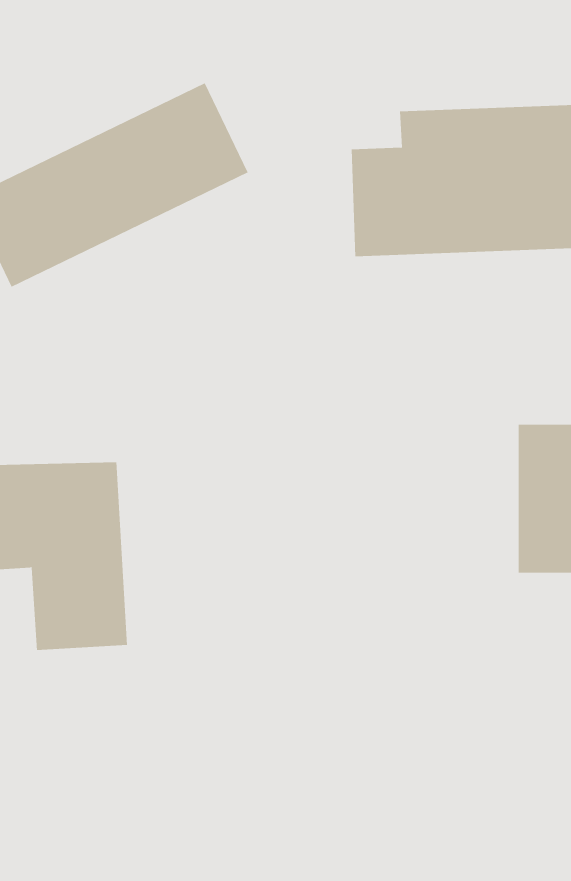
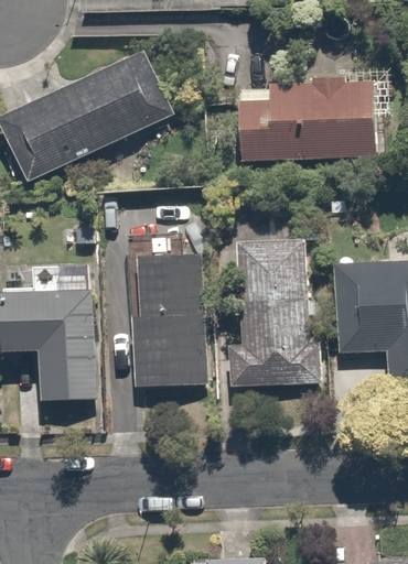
building: none -> [224,243,313,384]
building: none -> [129,253,210,383]

